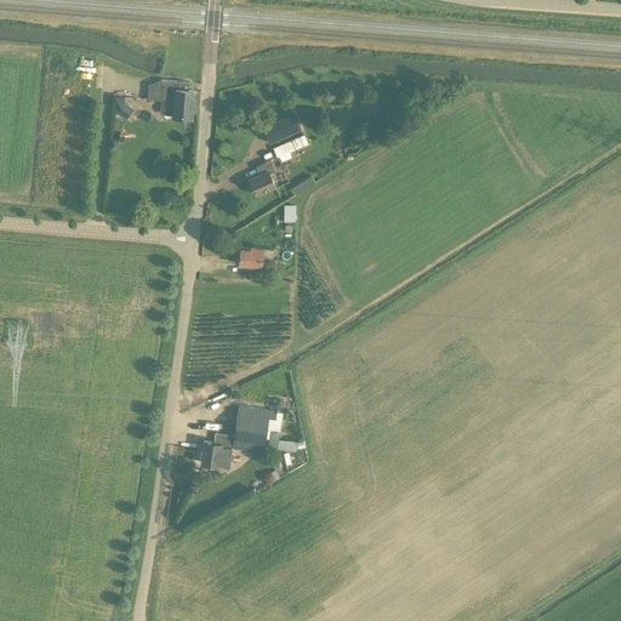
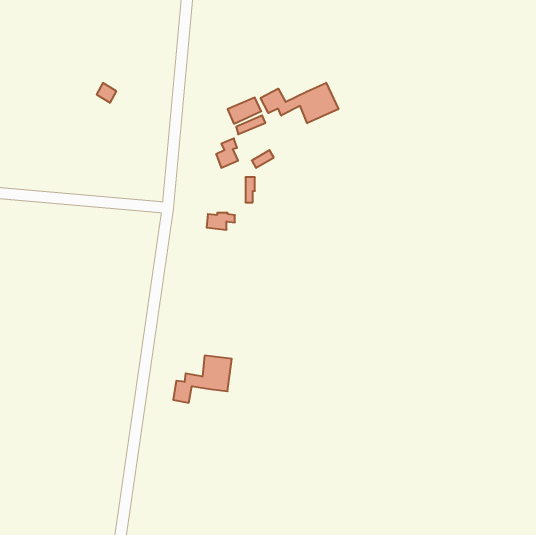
building: [160,81,194,119] -> none
building: none -> [261,83,338,123]

